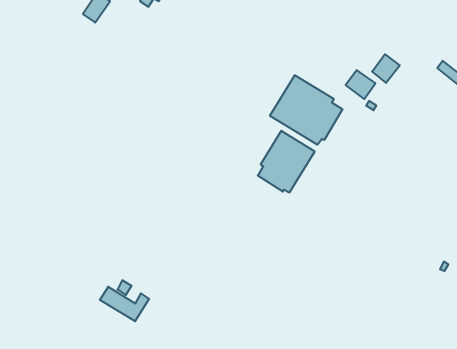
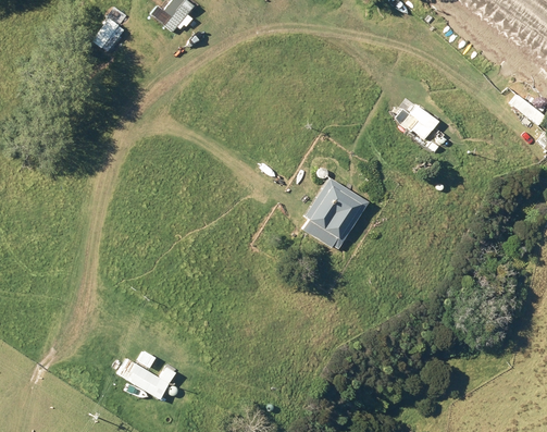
building: [372,54,400,83] -> none
building: [270,75,342,145] -> none

